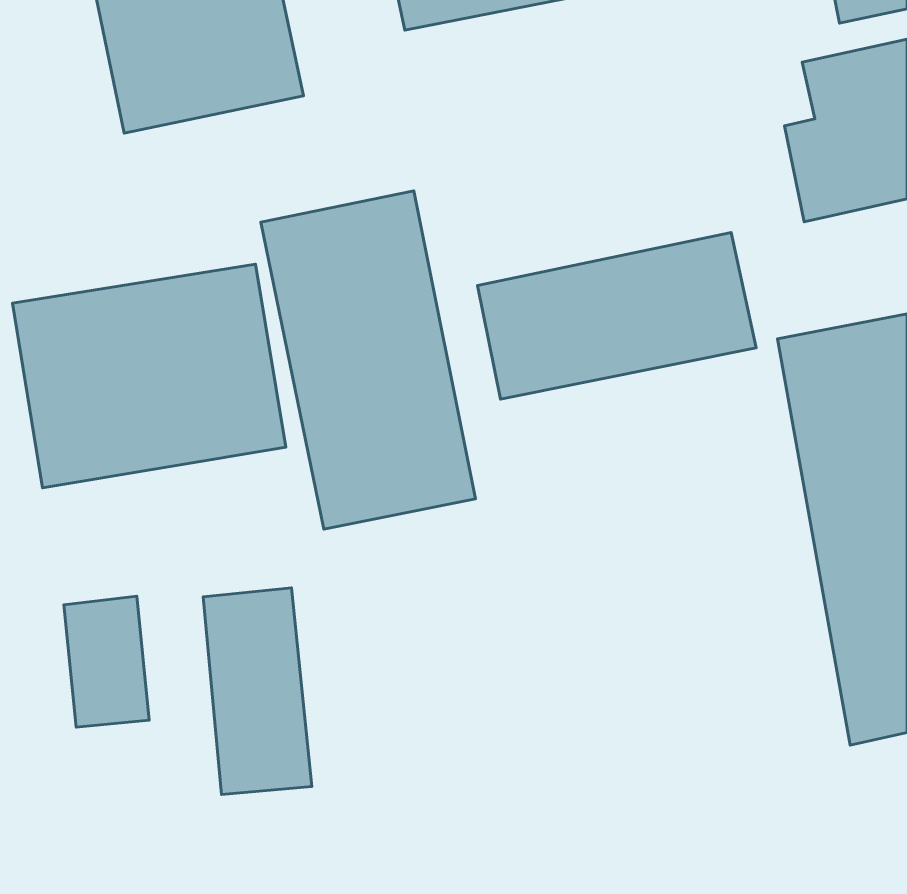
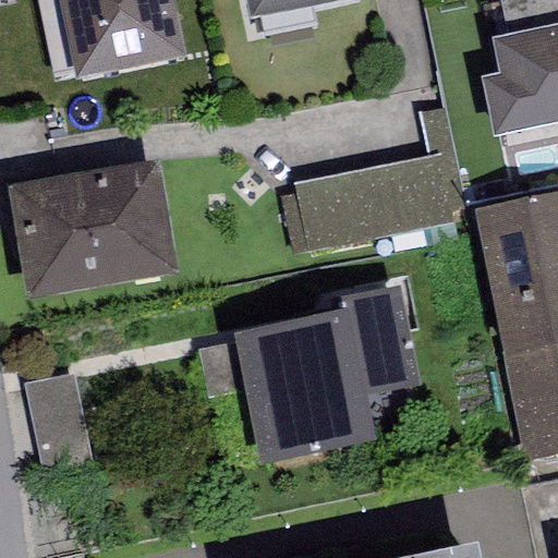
building: [261,191,476,529] -> none
building: none -> [233,288,417,466]
building: [203,588,312,795] -> none

